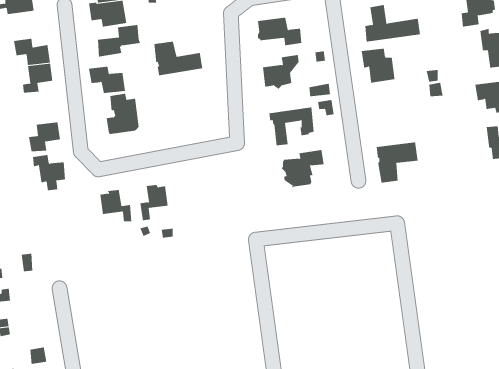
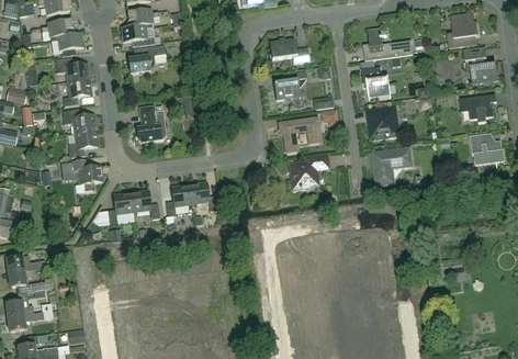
building: none -> [50,32,83,56]
building: [154,41,203,76] -> none
building: [88,66,126,94] -> [61,109,94,133]
building: none -> [369,106,399,138]
building: none -> [189,182,217,211]
building: none -> [108,193,133,225]

